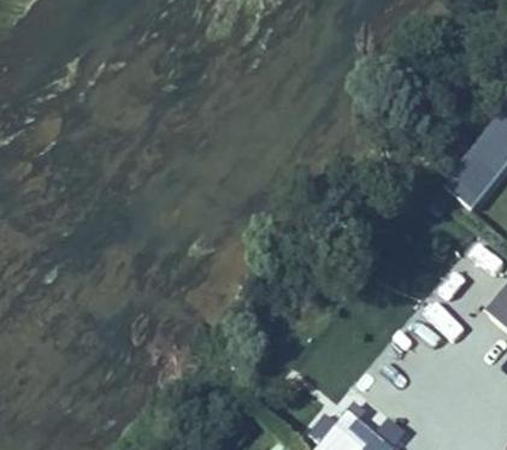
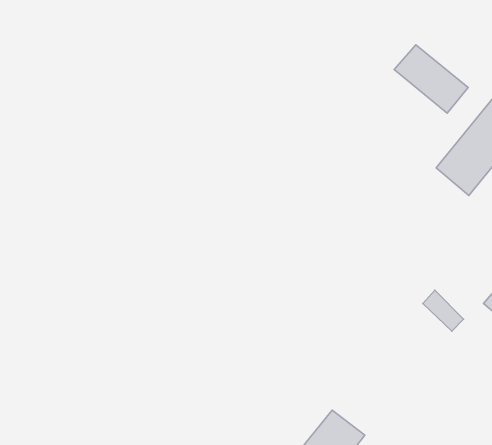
building: none -> [394,45,468,113]

